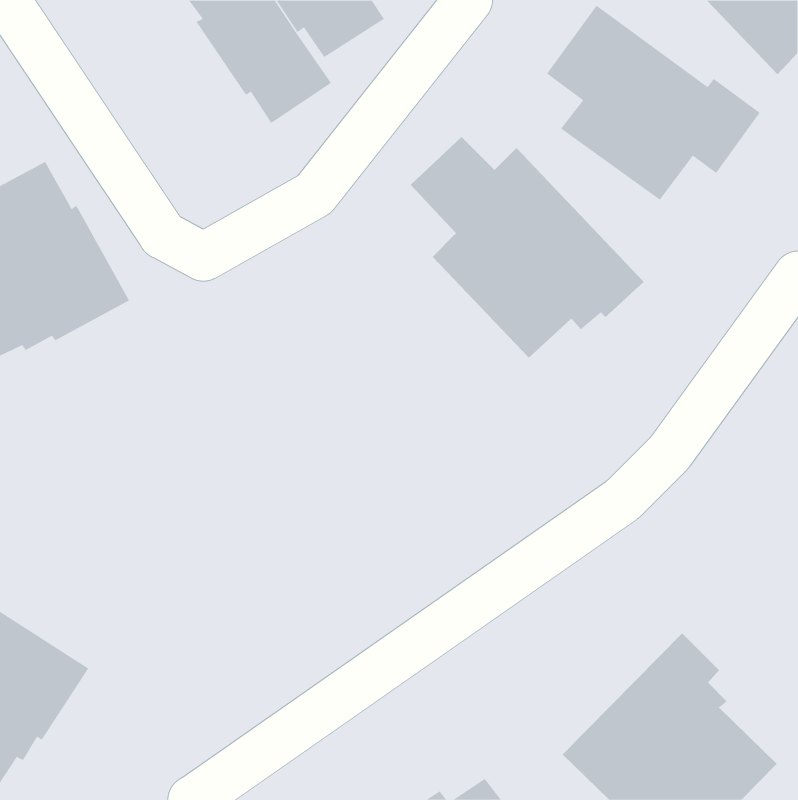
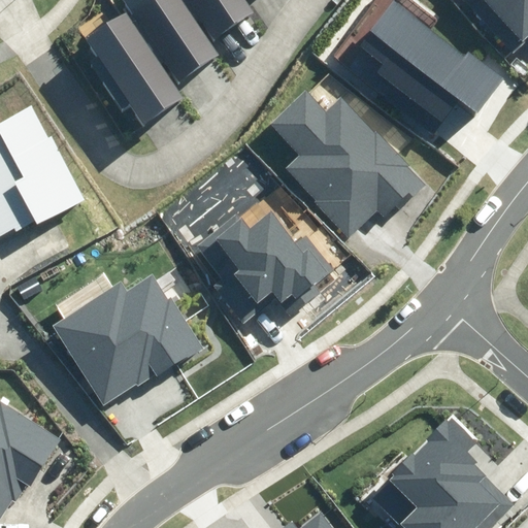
building: none -> [87,10,183,121]
building: none -> [195,212,332,324]
building: none -> [52,275,202,406]

